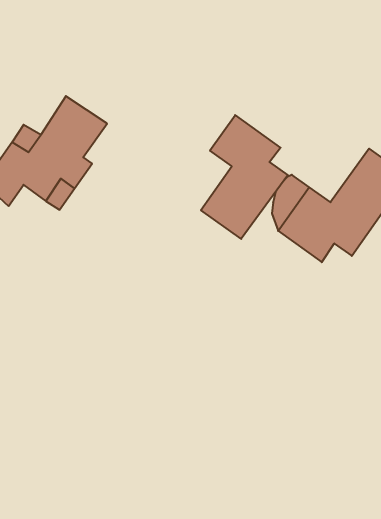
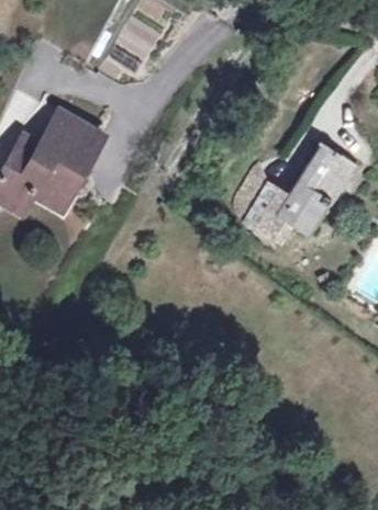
building: [201,115,288,239] -> none

